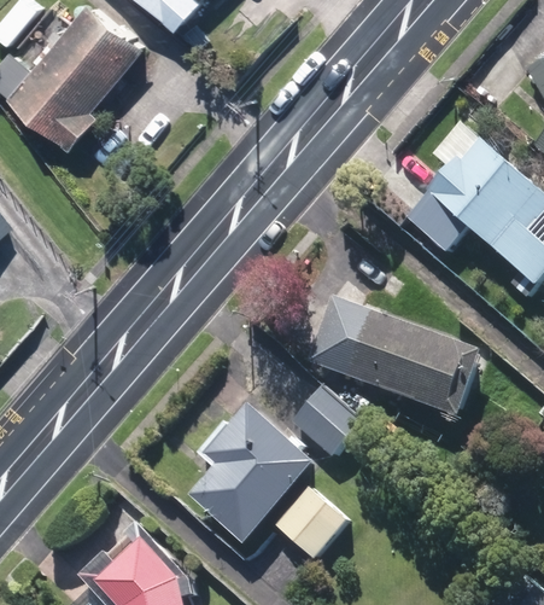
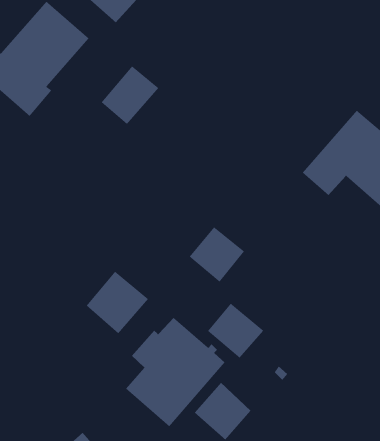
building: none -> [101,65,159,125]
building: [339,303,481,414] -> none
building: none -> [86,271,149,334]

